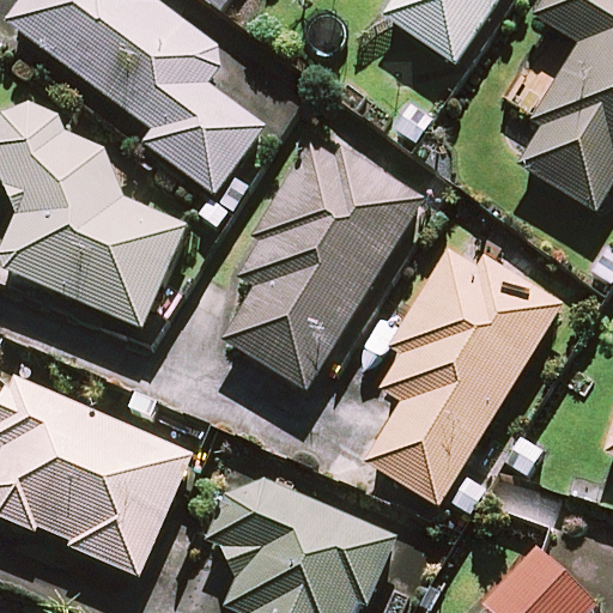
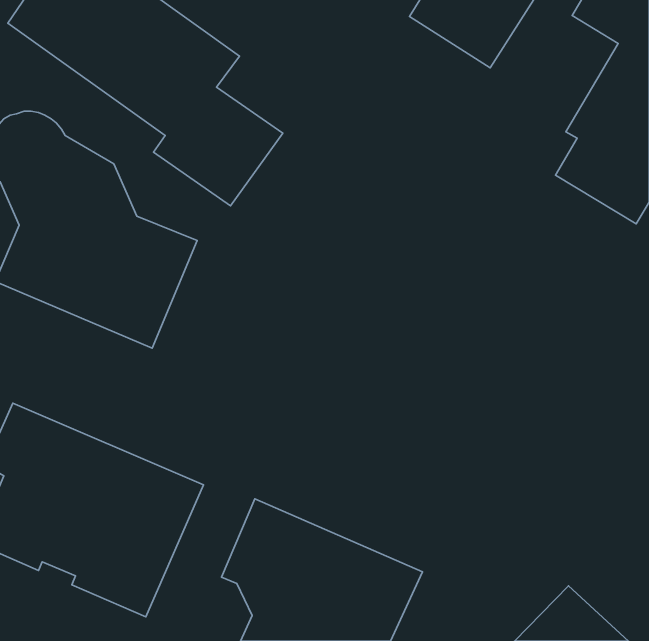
building: [224,119,420,388] -> none
building: [366,250,558,504] -> none

